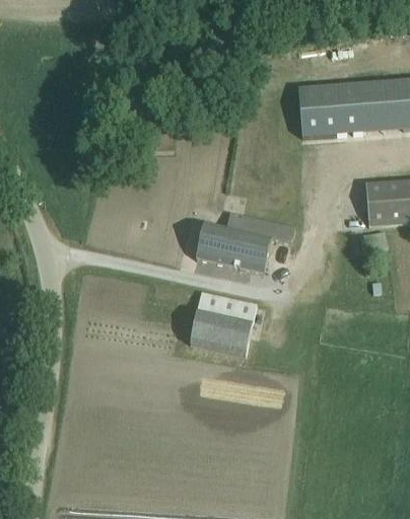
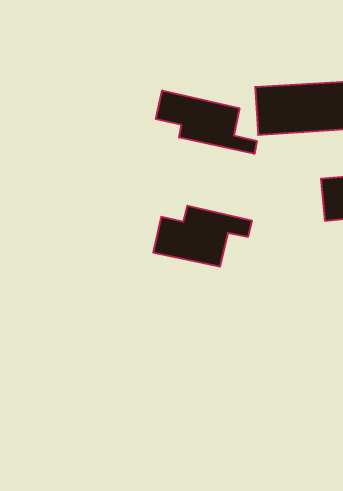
building: none -> [156,90,257,154]
building: [189,291,265,354] -> none

